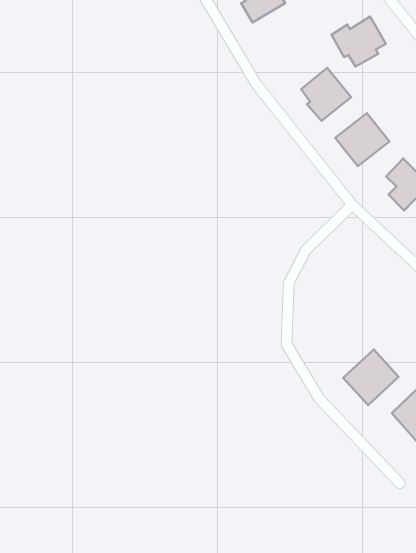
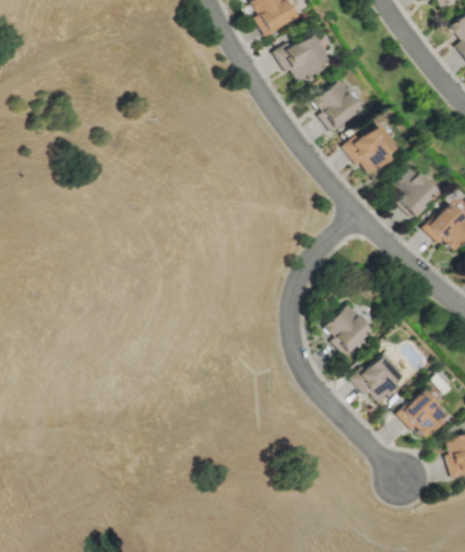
building: [332,17,386,66] -> [275,34,327,82]
building: none -> [324,304,373,355]

